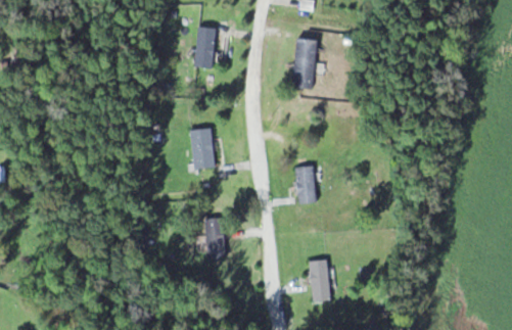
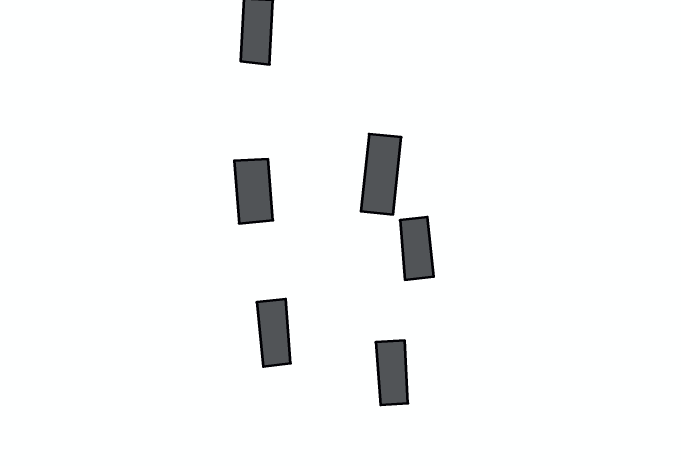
building: [291,37,317,88] -> [361,134,401,214]
building: [309,260,329,300] -> [376,341,408,405]

